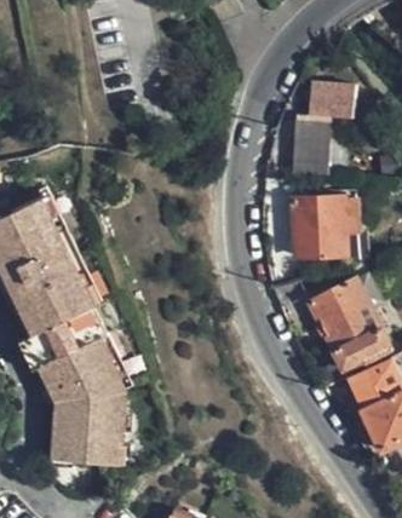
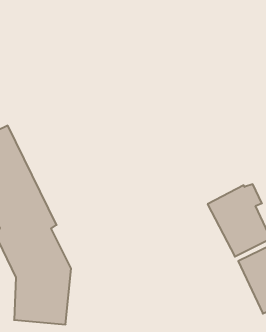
building: [292,79,355,174] -> none
building: [293,189,358,258] -> none

